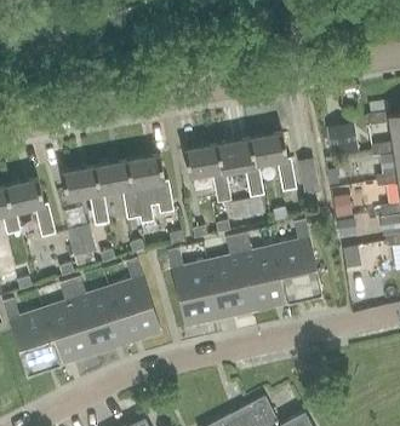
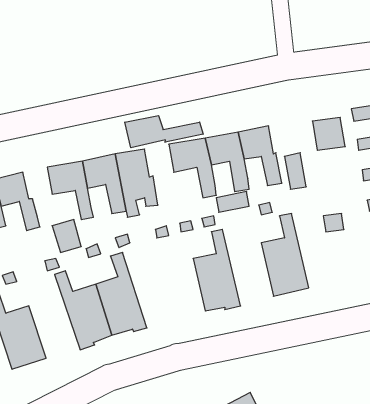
building: none -> [125,116,203,148]
building: [236,232,287,311] -> none
building: [167,248,219,328] -> none
building: [44,280,95,363] -> none

